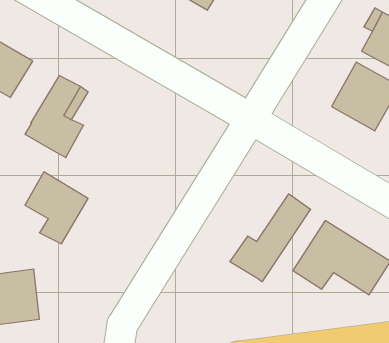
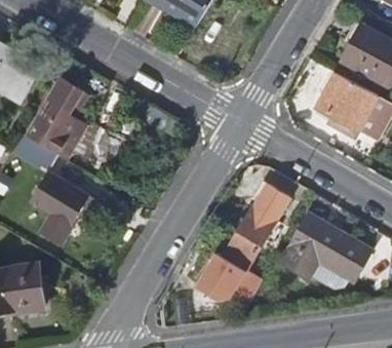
building: none -> [10,132,55,170]
building: none -> [196,253,244,298]

